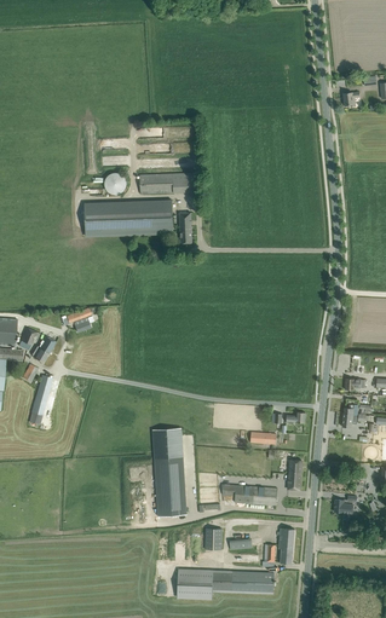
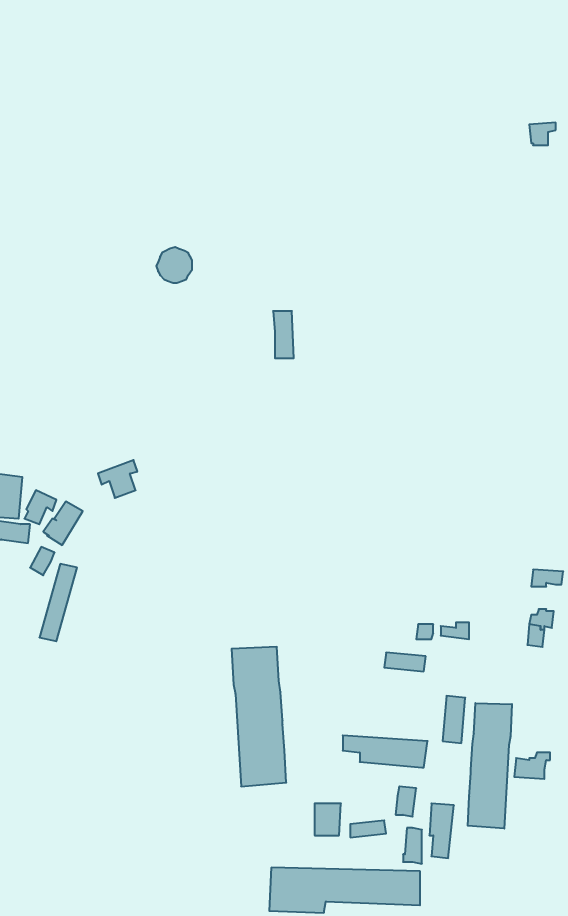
building: [140,174,174,194] -> none
building: [85,200,173,236] -> none
building: none -> [468,703,512,829]

